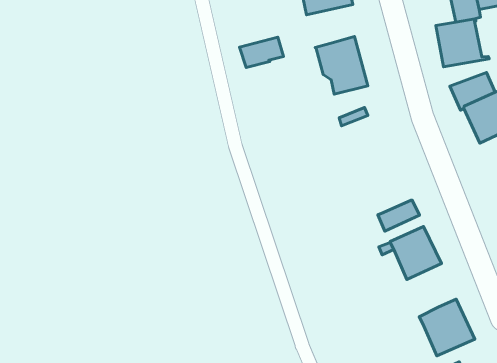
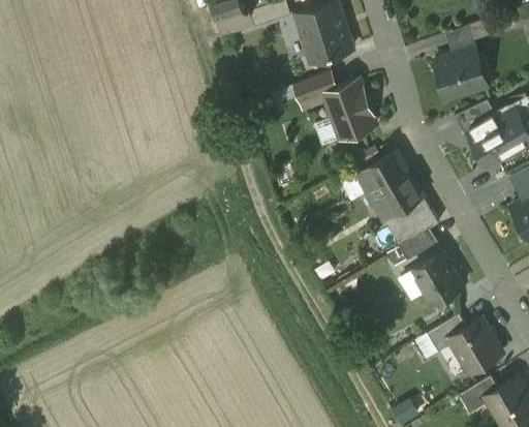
building: [240,37,284,68] -> [292,72,335,104]
building: none -> [356,152,423,218]
building: none -> [395,210,438,244]
building: none -> [427,315,465,354]

